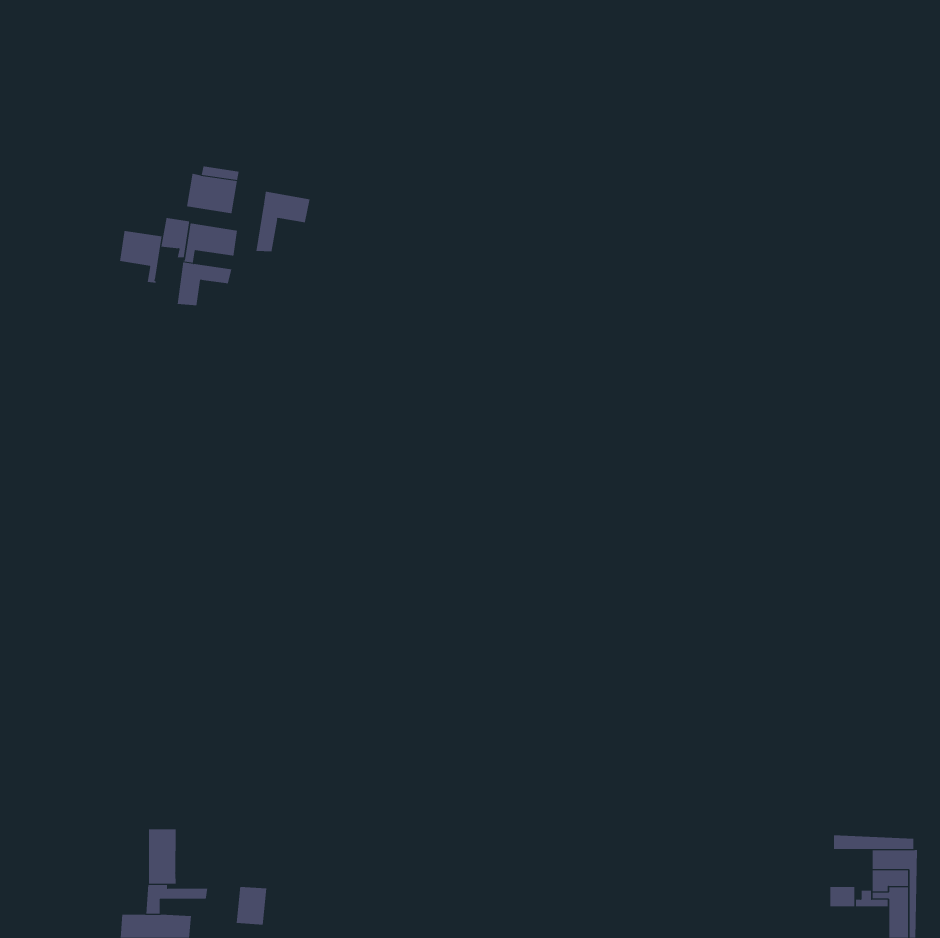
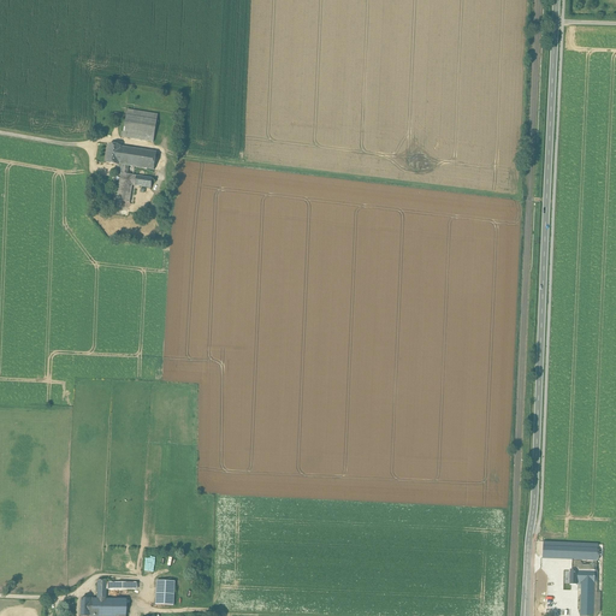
building: [256,191,310,252] -> none
building: [119,230,162,284] -> none
building: [148,828,176,885] -> none

